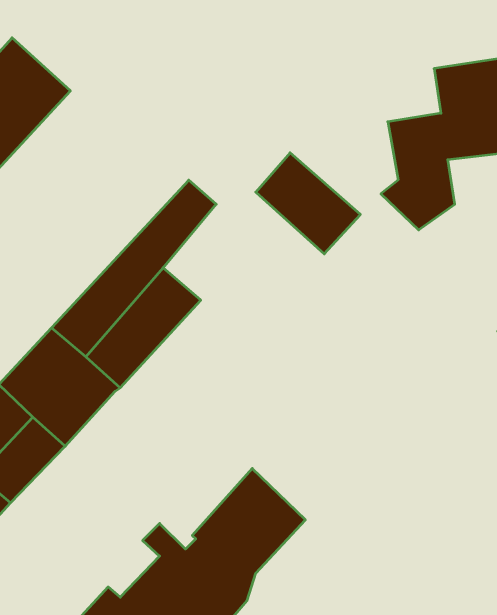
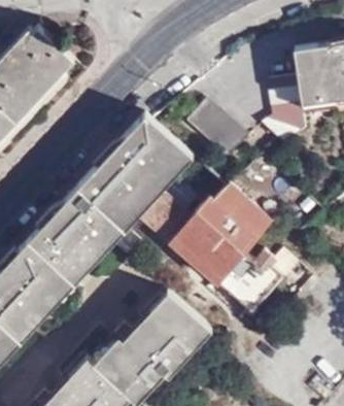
building: none -> [130,129,186,187]
building: none -> [143,188,280,313]

